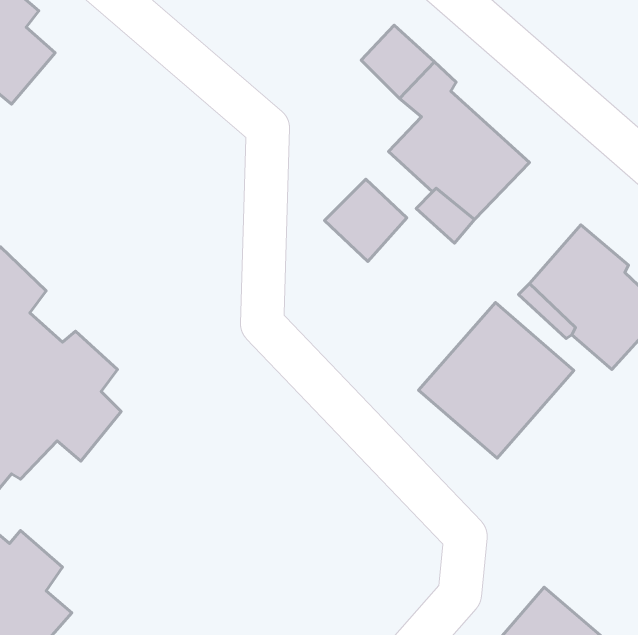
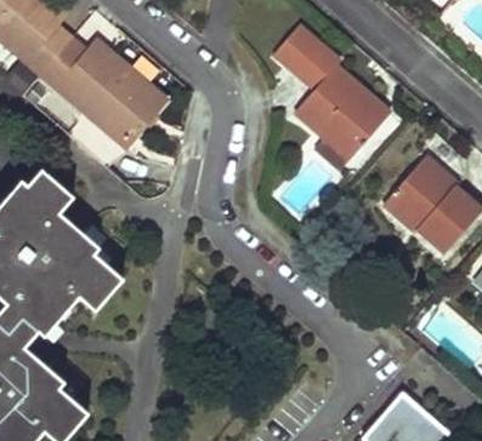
building: none -> [46,41,166,144]
building: [325,179,407,262] -> none
building: [419,302,574,458] -> none

